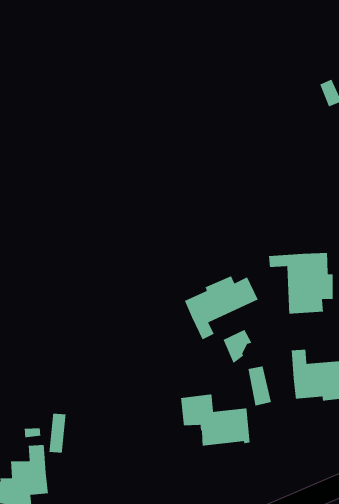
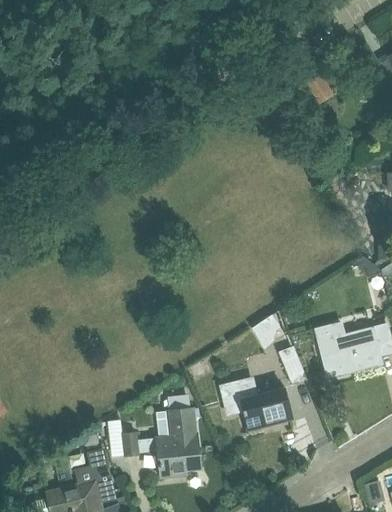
building: [268,252,334,315] -> none
building: [184,275,259,340] -> none
building: none -> [123,407,202,478]

